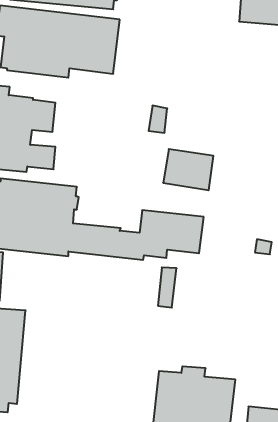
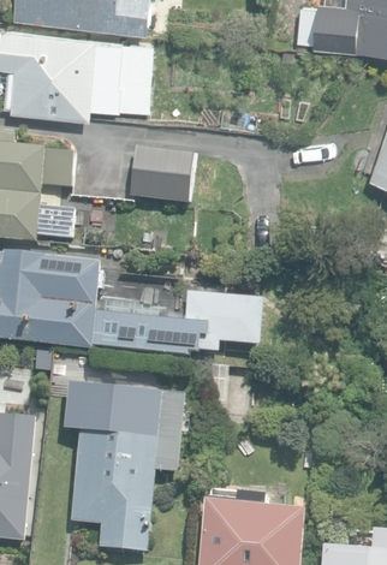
building: [163,149,213,190] -> [129,148,194,201]
building: none -> [64,383,183,551]

